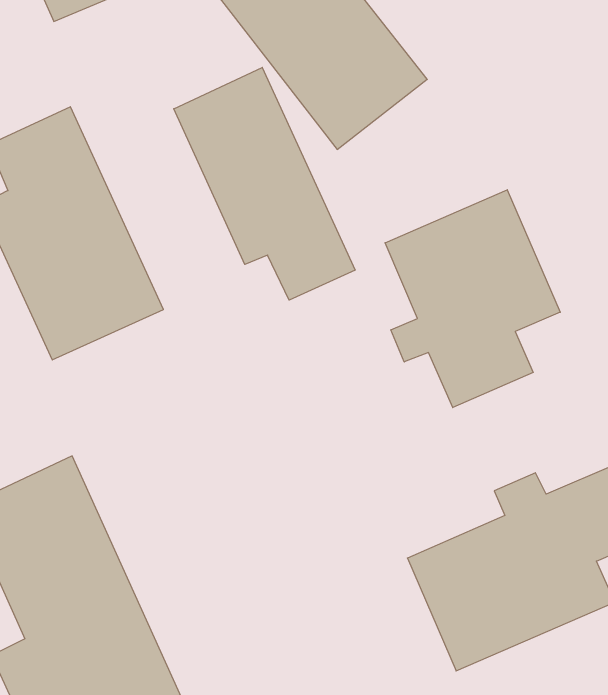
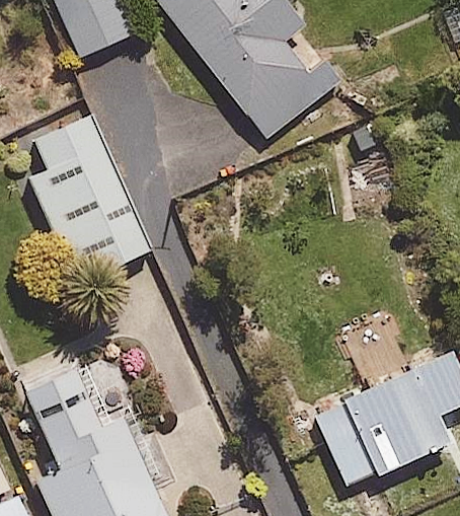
building: [174,67,355,300] -> none
building: [385,190,560,408] -> none

